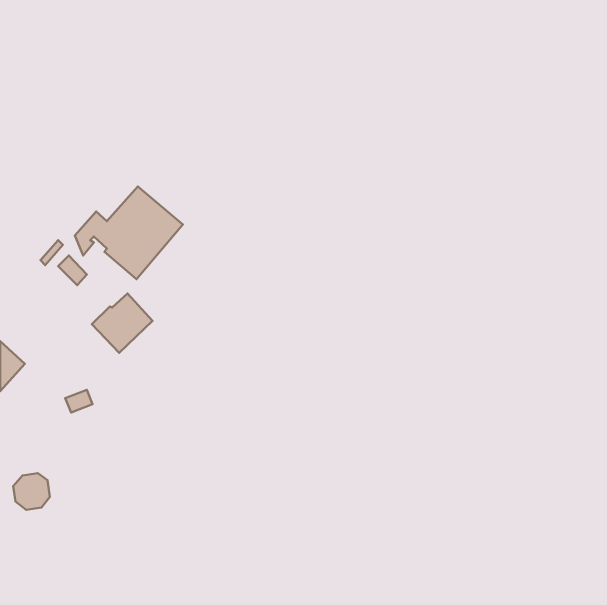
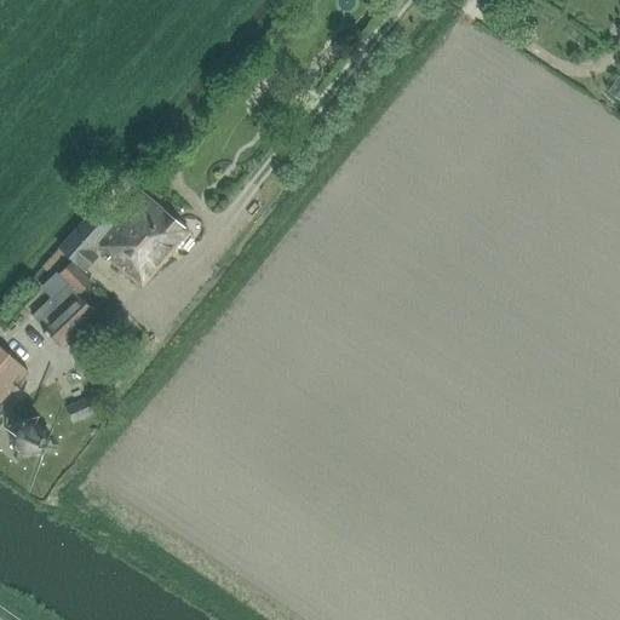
building: [92,293,153,353] -> [31,285,93,345]
building: [13,473,50,510] -> [10,417,47,454]

